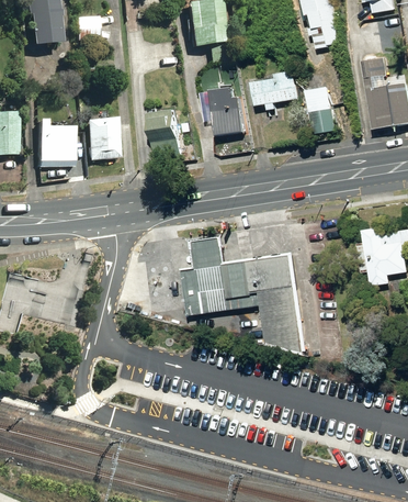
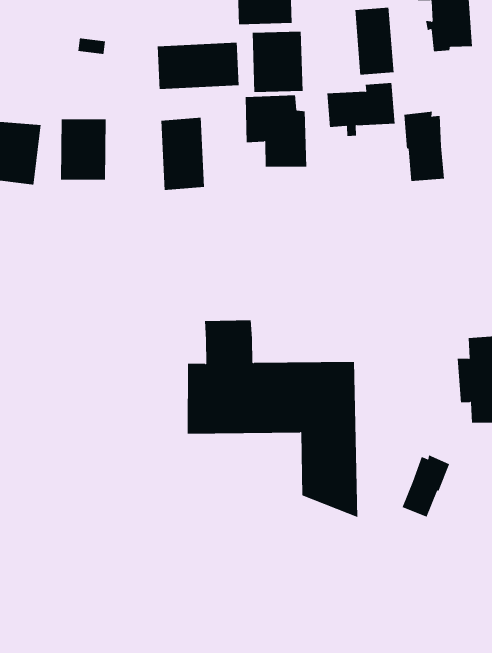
building: none -> [355,7,394,75]
building: none -> [252,31,303,93]
building: none -> [157,42,239,90]
building: none -> [402,454,450,518]

